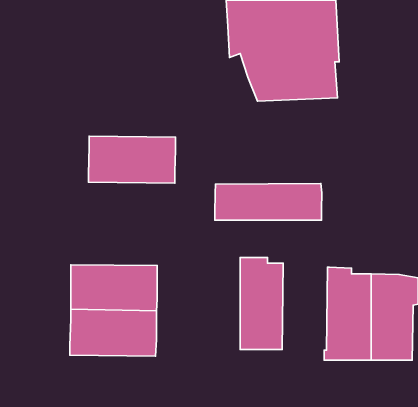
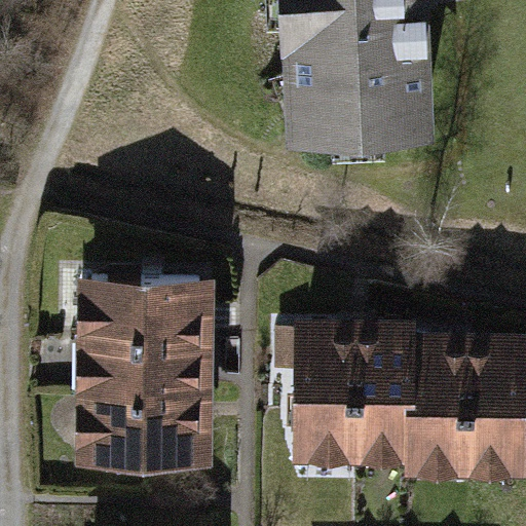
building: [88,136,176,183] -> [88,290,197,348]
building: [215,184,322,220] -> none
building: none -> [352,338,412,454]

